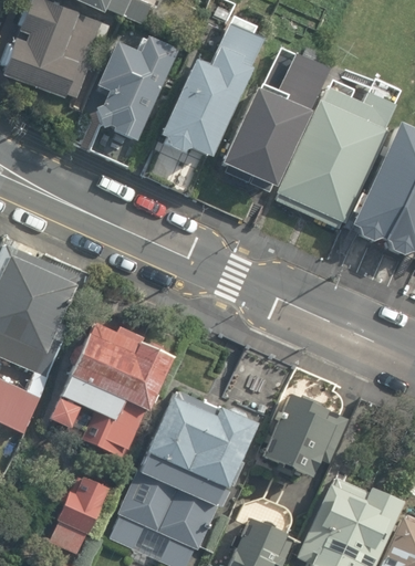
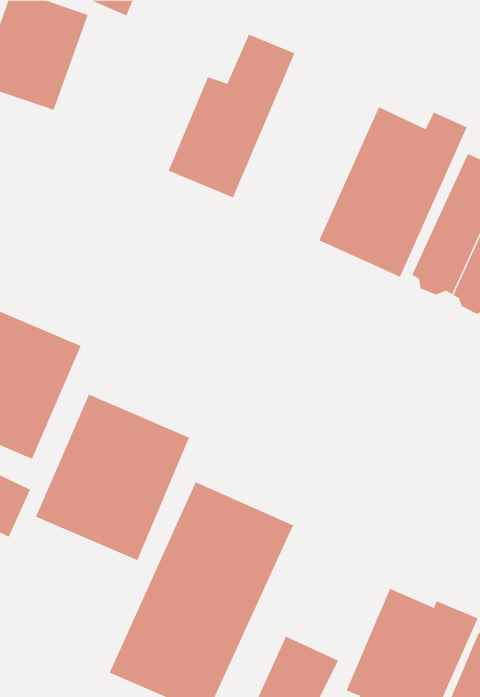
building: [85,32,173,140] -> none
building: [216,56,328,191] -> none
building: [262,380,345,476] -> none
building: [51,478,110,558] -> none

